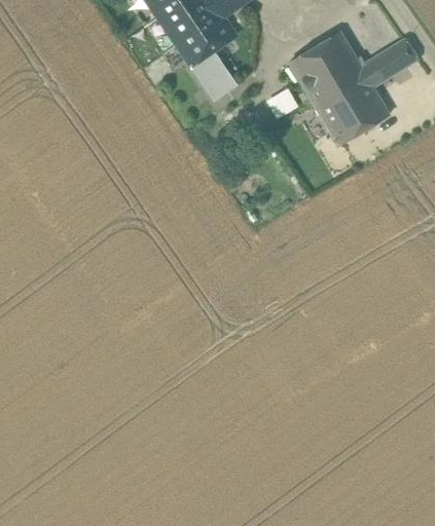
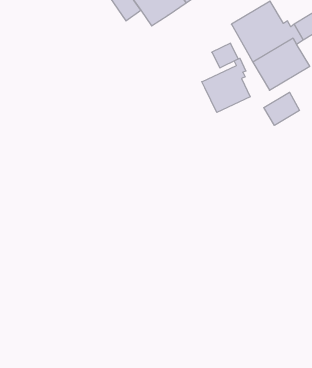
building: [191,49,234,97] -> none
building: none -> [202,58,250,112]
building: none -> [264,92,299,125]

